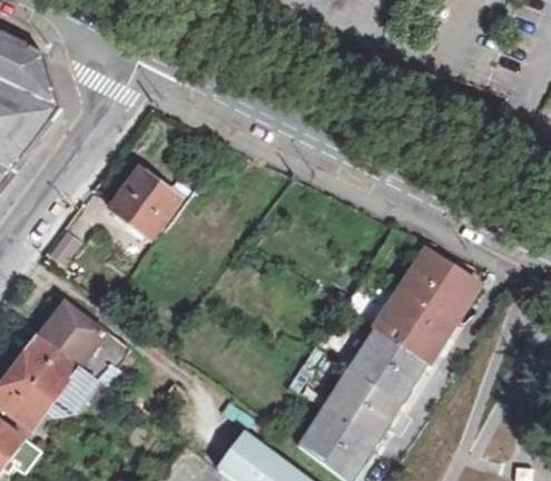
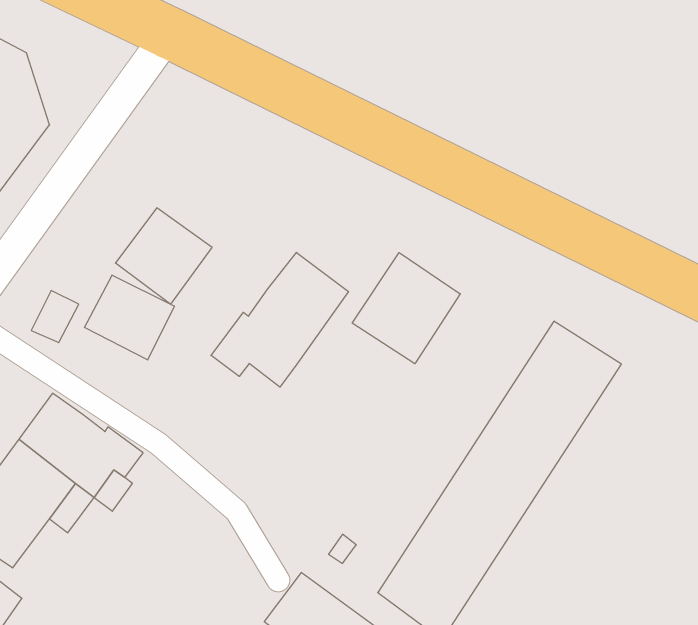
building: none -> [211,252,349,387]
building: none -> [352,253,460,364]
building: none -> [84,275,174,360]

